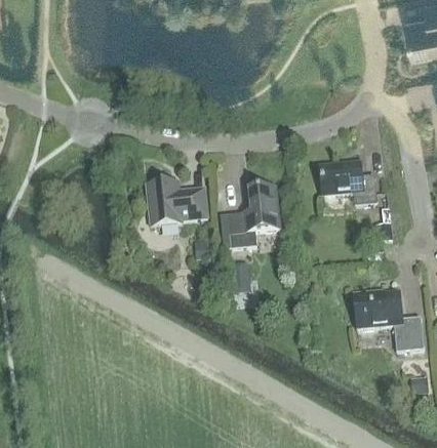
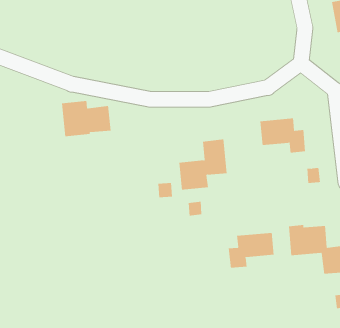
building: [146,180,207,225] -> [61,101,112,137]
building: none -> [228,232,274,269]

